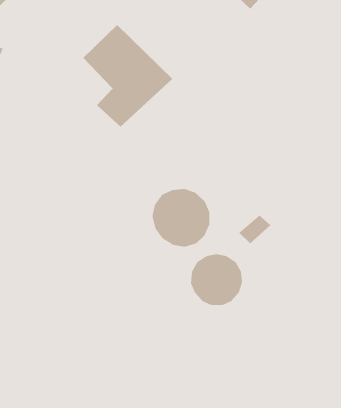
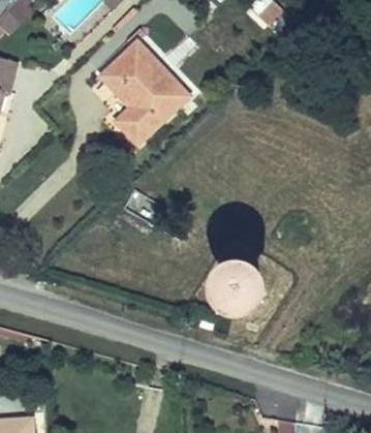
building: [152,188,210,248] -> none

